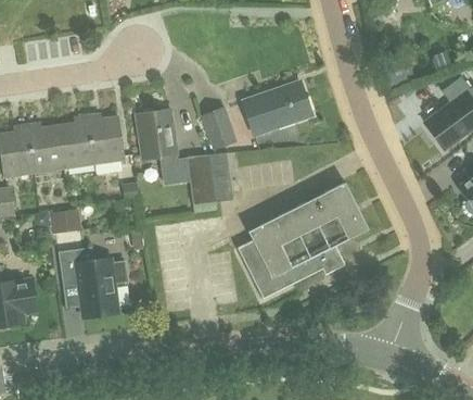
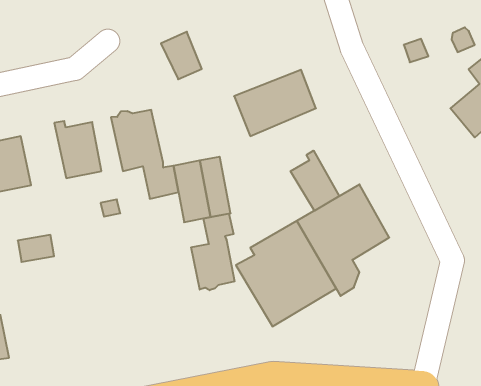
building: [203,108,237,148] -> [161,32,202,79]
building: [57,115,94,167] -> none
building: none -> [291,151,339,211]
building: none -> [191,214,235,290]
building: [59,247,127,314] -> none

